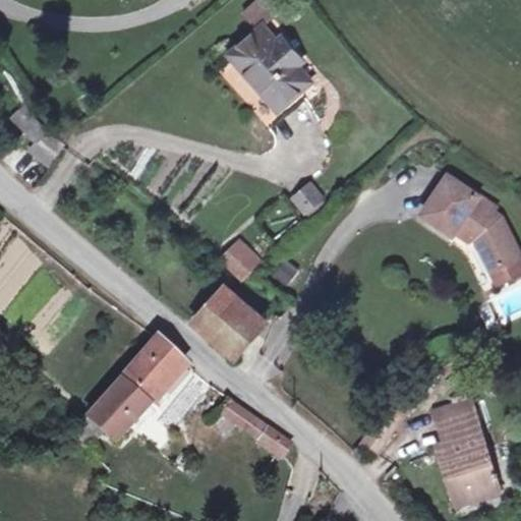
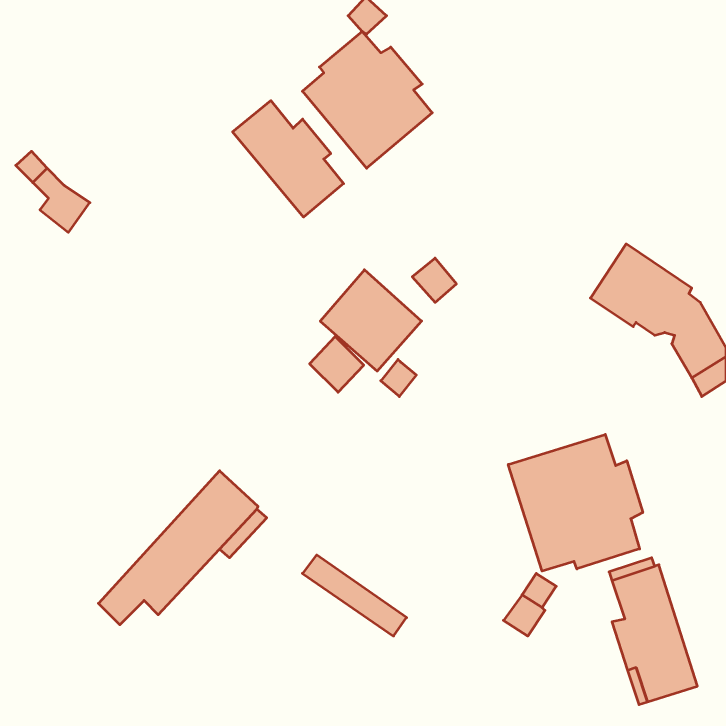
building: none -> [233,101,344,217]
building: [192,284,265,356] -> [320,270,422,371]
building: none -> [508,434,643,571]

